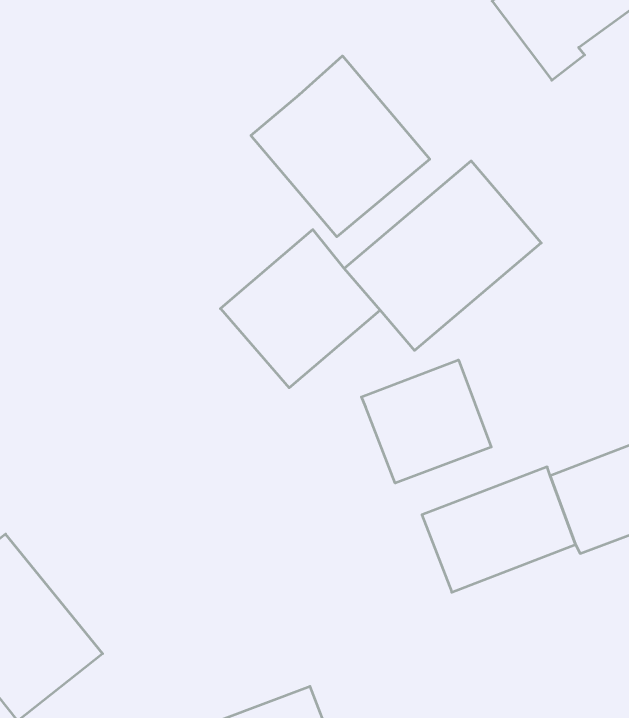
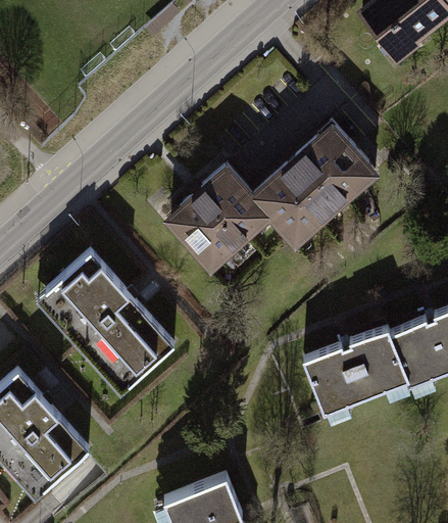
building: [251,56,430,237] -> none
building: [361,360,491,483] -> none
building: none -> [36,254,169,394]

